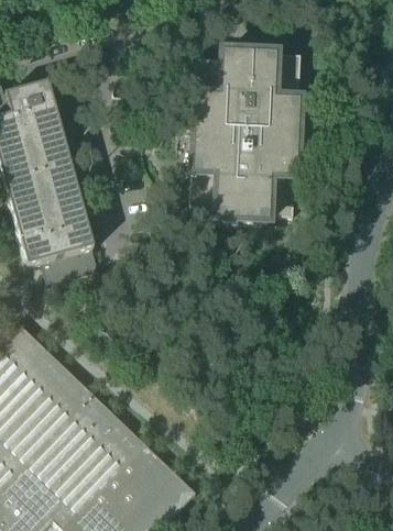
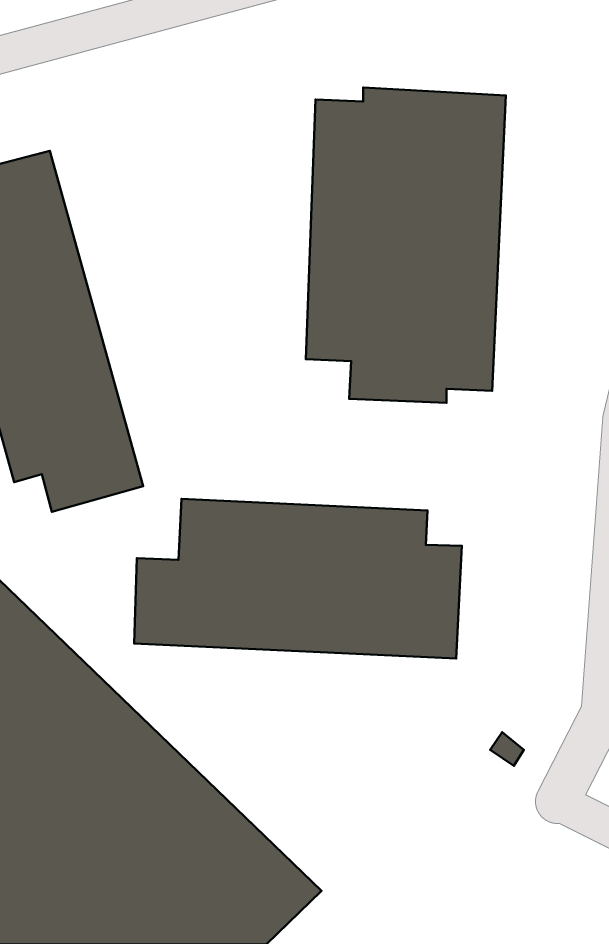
building: none -> [134,499,462,658]

